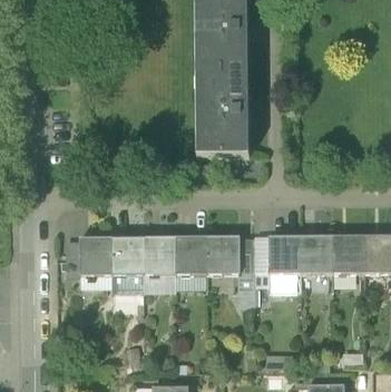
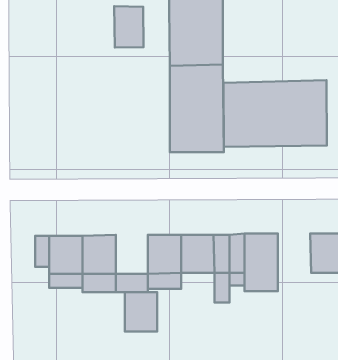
building: none -> [114,6,144,47]
building: none -> [223,80,327,147]
building: [301,235,333,273] -> none
building: [144,236,175,274] -> [125,292,157,331]

